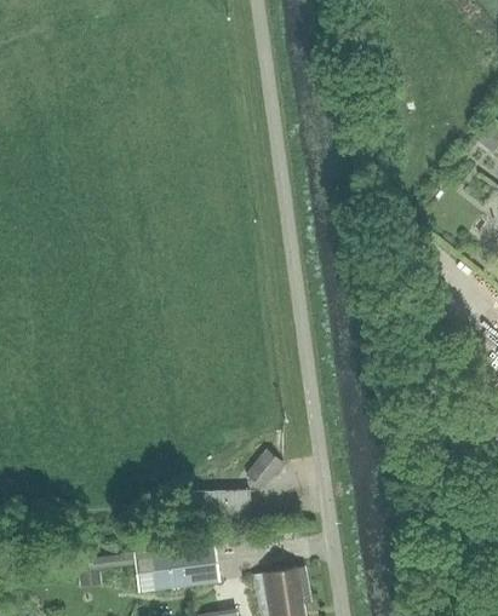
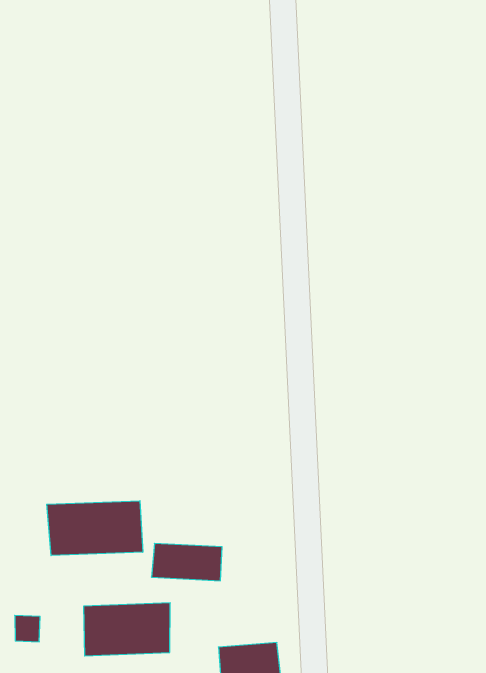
building: [246,449,284,488] -> none
building: none -> [47,501,143,556]

